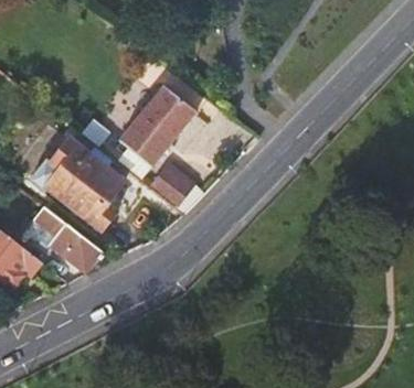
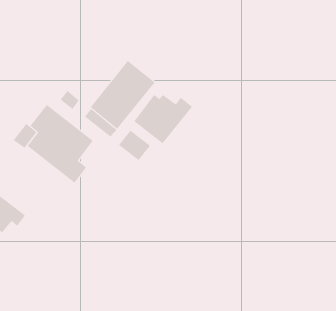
building: none -> [133,94,193,144]
building: [21,206,103,271] -> none

